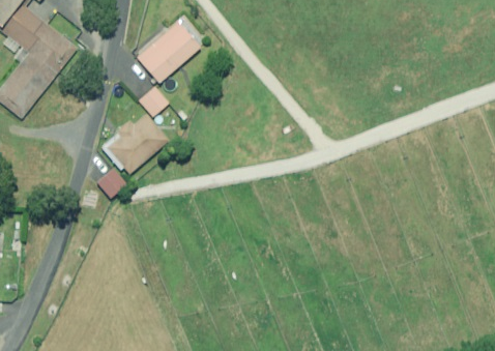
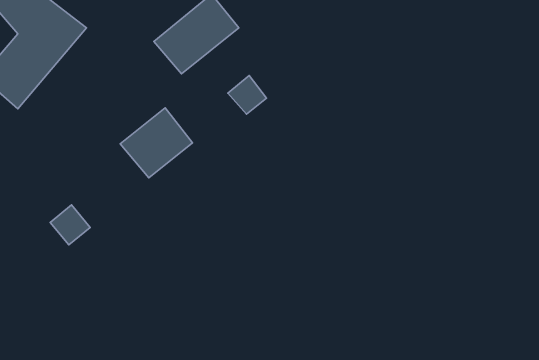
building: [137,86,169,118] -> [228,76,267,114]
building: [95,166,128,199] -> [50,205,90,245]

